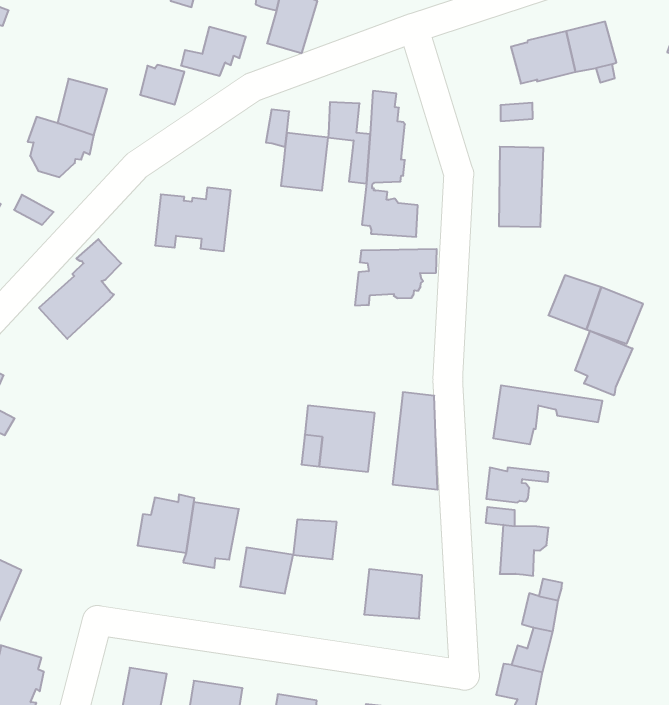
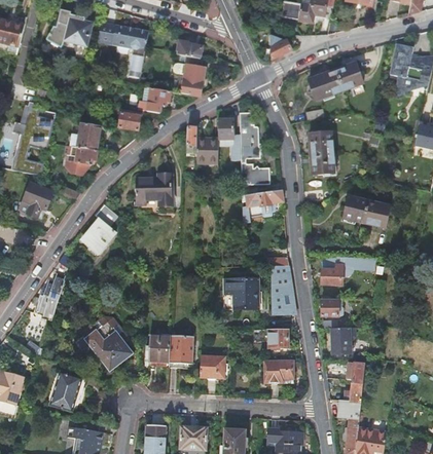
building: [575,331,633,395] -> none
building: none -> [73,324,132,371]
building: [293,520,337,559] -> [267,329,288,348]

